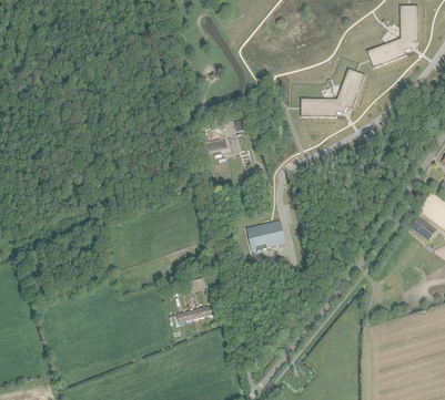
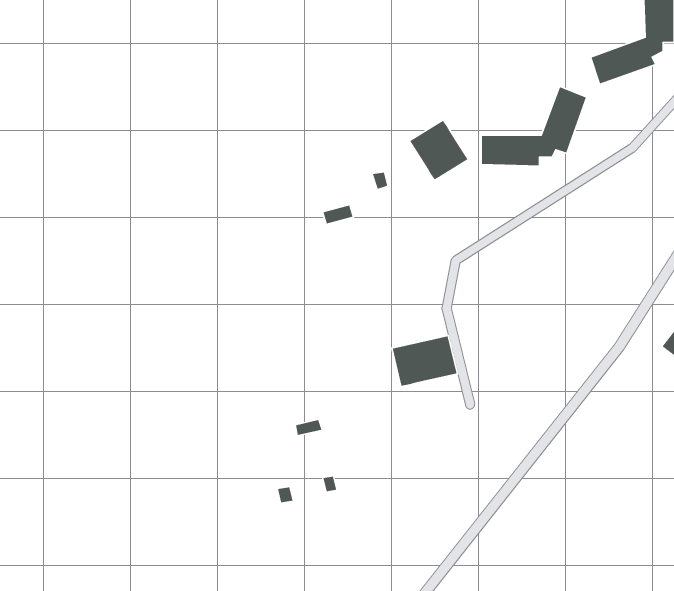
building: none -> [409,120,469,181]

